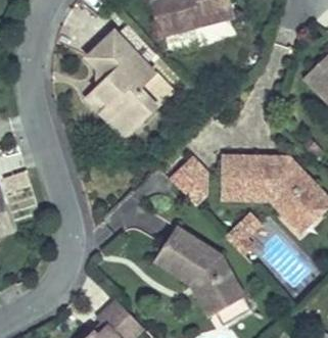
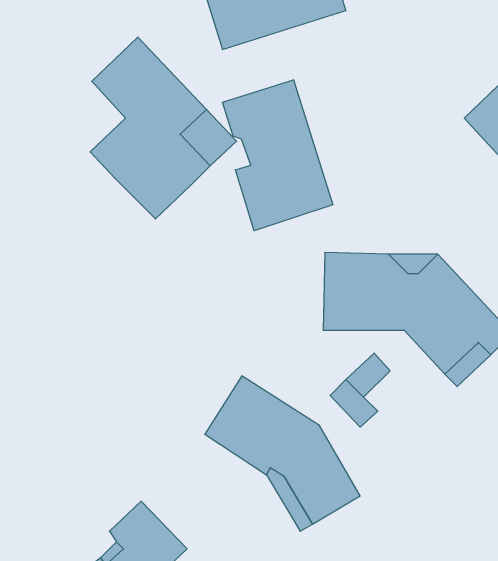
building: none -> [223,80,333,231]
building: [169,157,206,206] -> none

